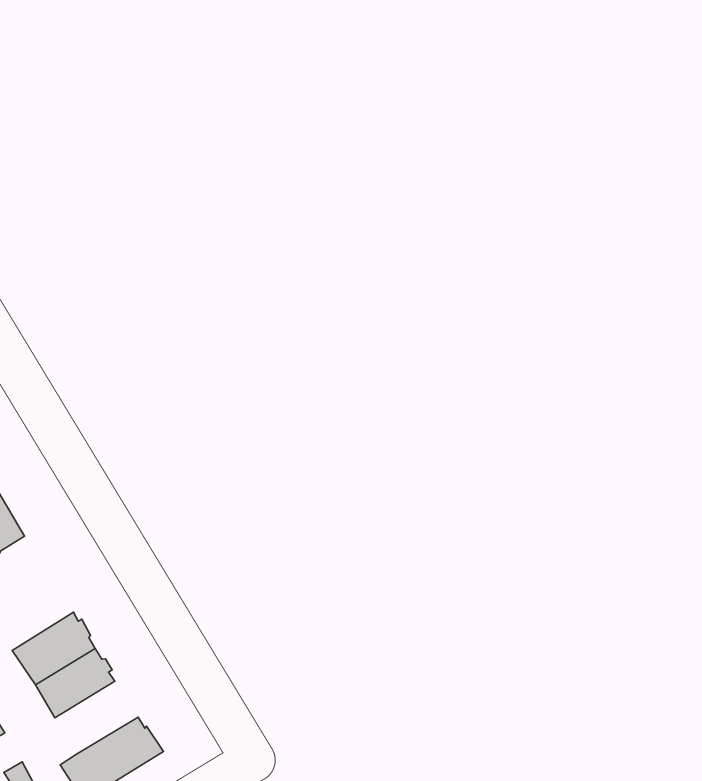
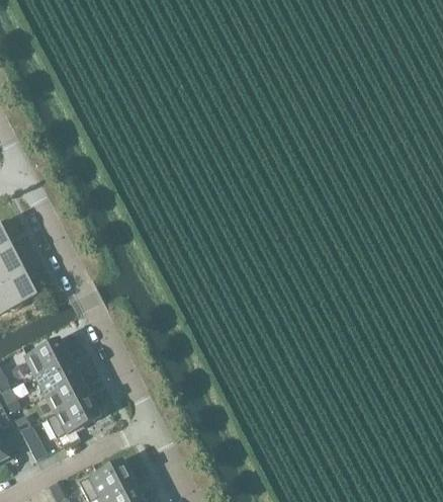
building: none -> [45,375,89,413]

